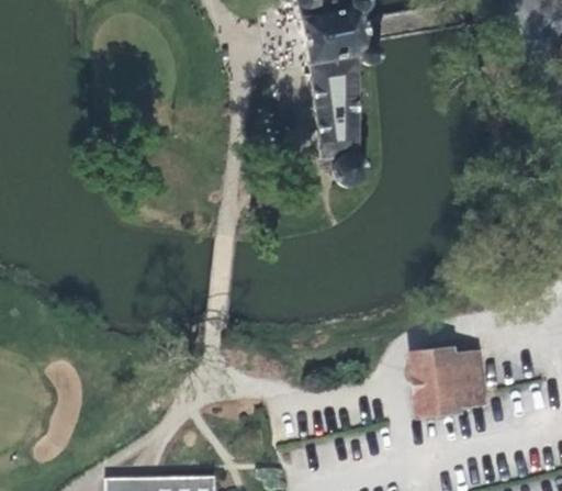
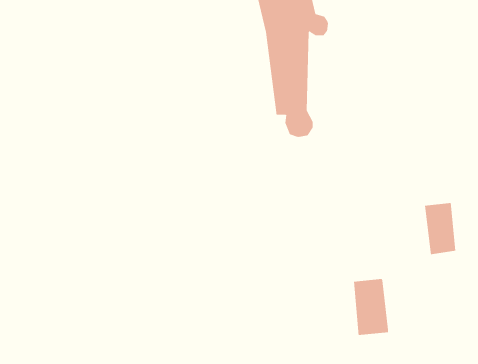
building: [445,348,481,408] -> [424,203,456,255]

